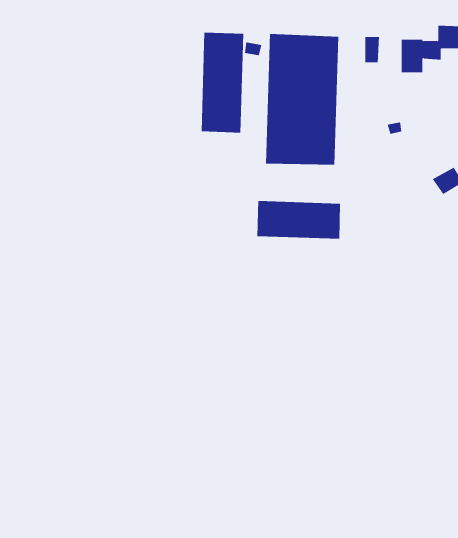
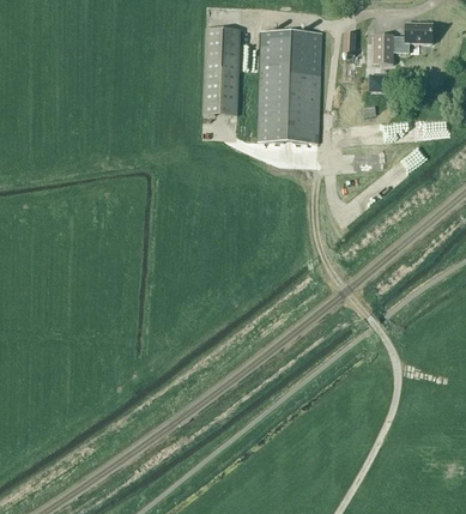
building: [257,200,341,240] -> none

